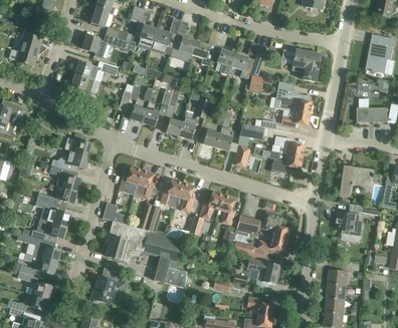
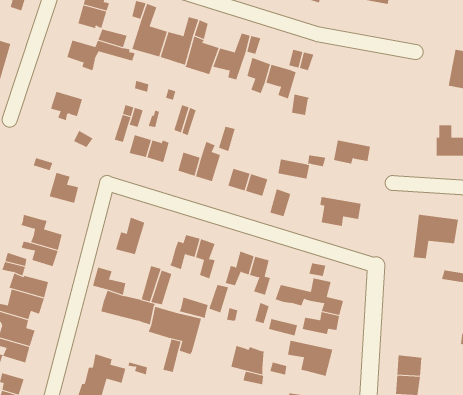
building: [291,50,321,81] -> none
building: [74,61,118,79] -> none
building: [273,88,311,114] -> none
building: [271,136,304,156] -> none
building: [50,151,88,173] -> none
building: [134,171,153,200] -> none
building: [335,212,363,236] -> none
building: [106,237,136,263] -> none
building: [162,266,187,288] -> [231,345,264,375]

